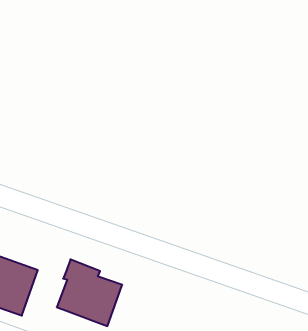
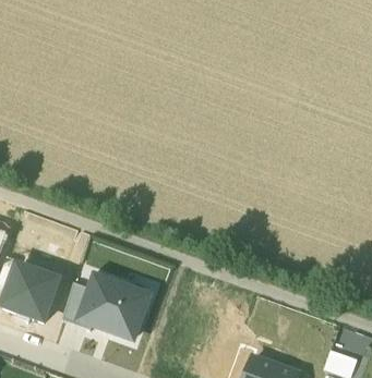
building: none -> [59,281,92,328]

